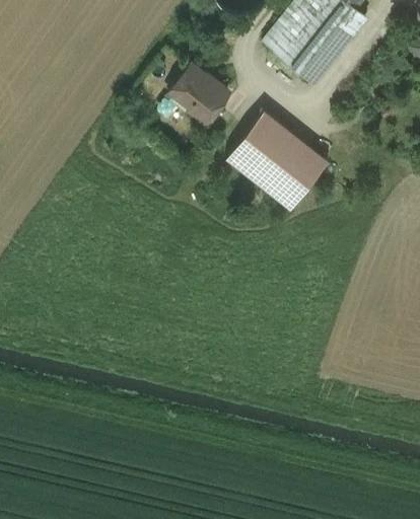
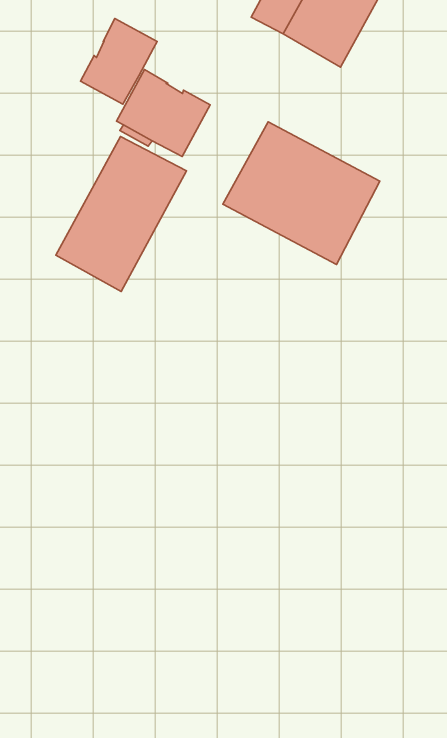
building: none -> [80,19,157,104]
building: none -> [56,136,187,292]

